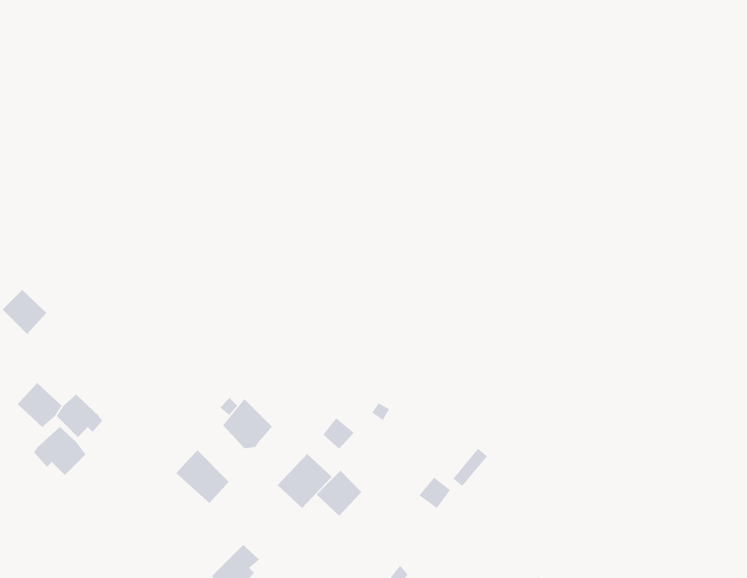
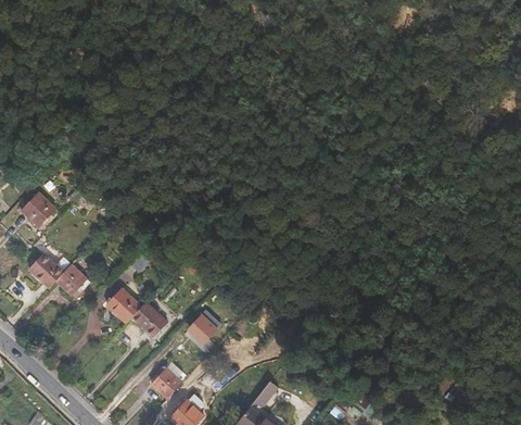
building: [222,398,273,449] -> [104,290,137,323]
building: [33,426,86,476] -> none
building: [316,470,362,517] -> none

